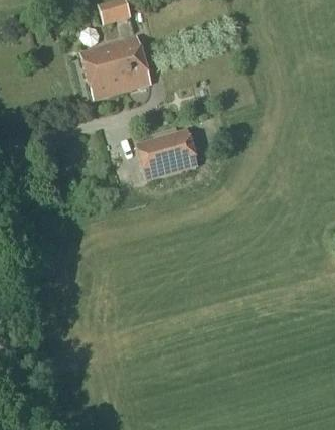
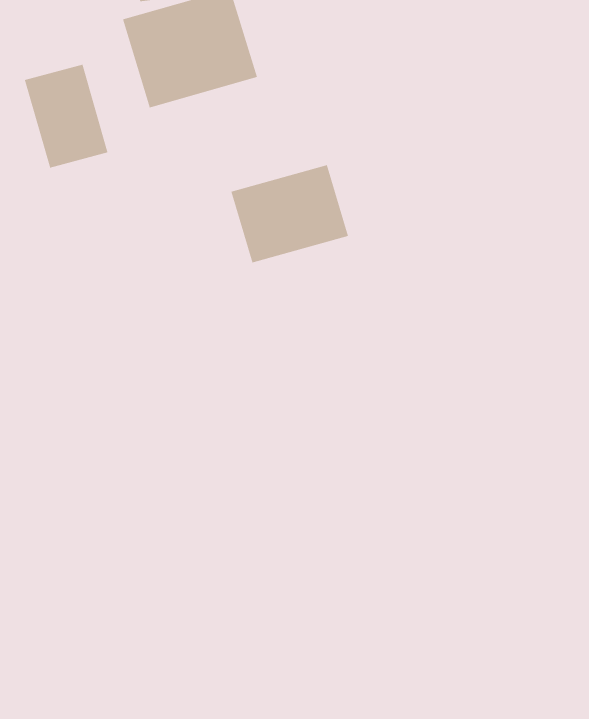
building: none -> [24,64,108,168]

